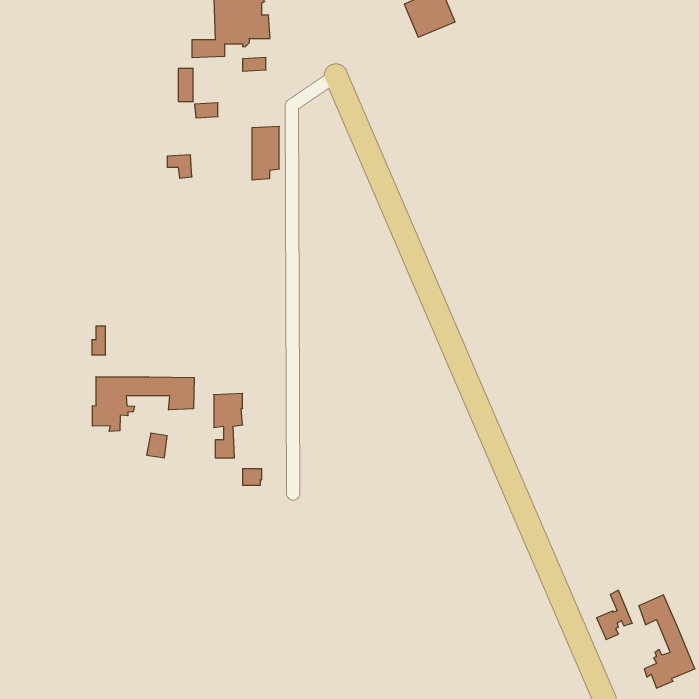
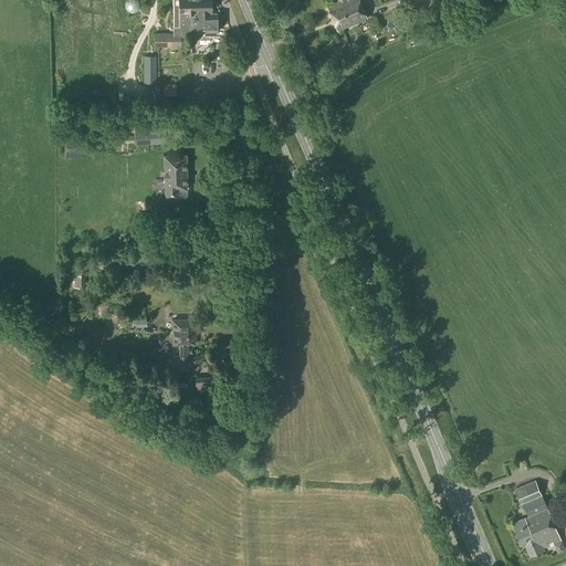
building: [252,126,279,180] -> [166,154,188,197]
building: [92,377,194,431] -> none
building: [597,590,632,640] -> [513,500,542,539]

